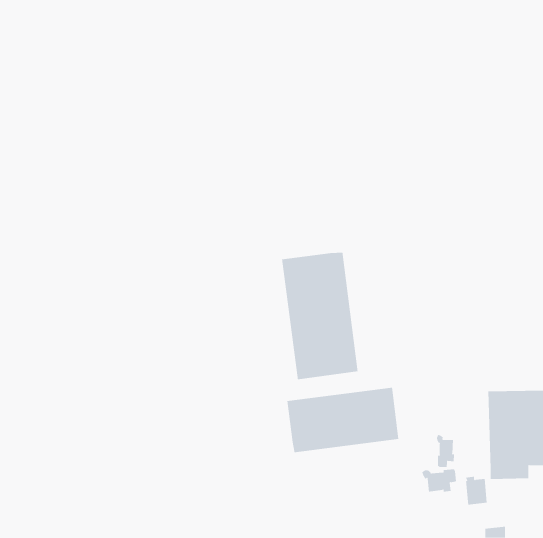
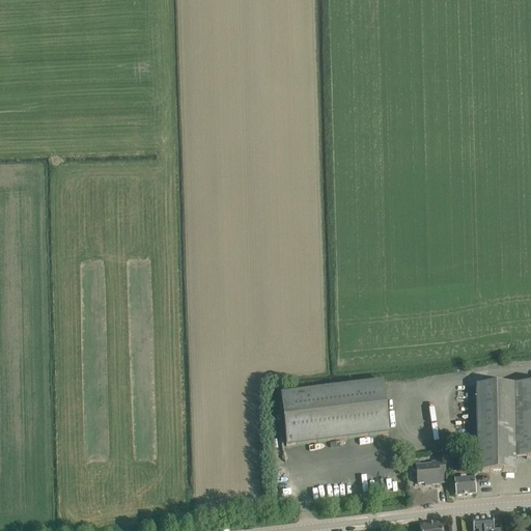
building: [282,252,358,380] -> none
building: [436,434,454,468] -> none

